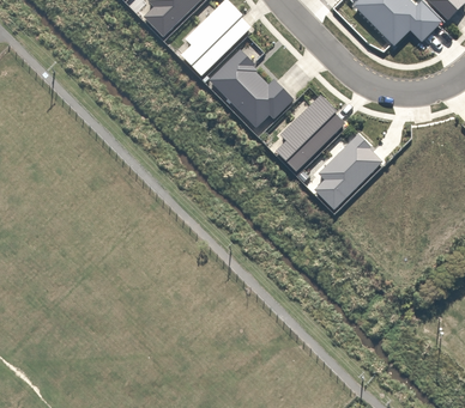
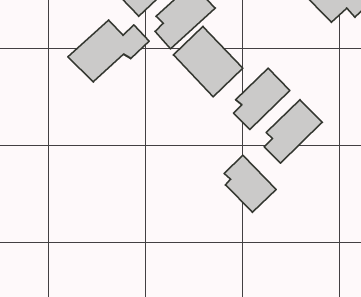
building: none -> [68,20,149,82]
building: none -> [224,155,276,212]

